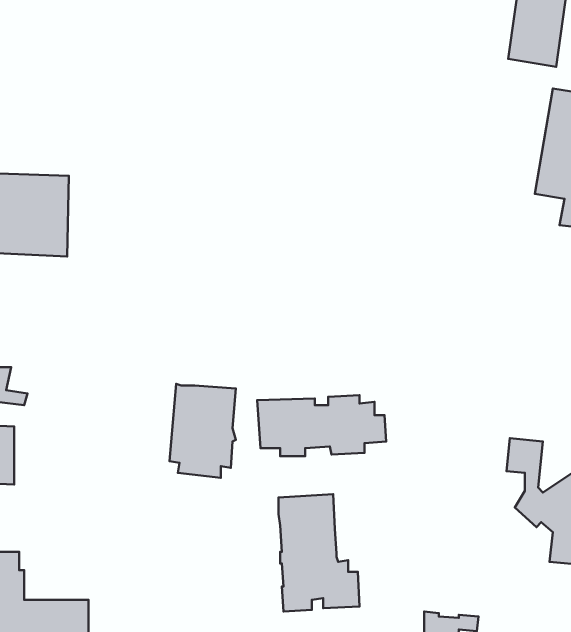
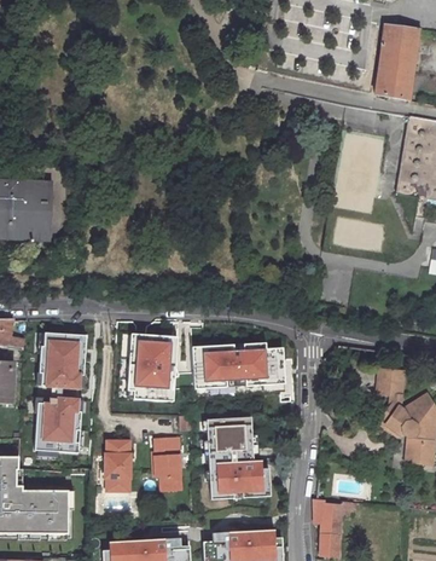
building: none -> [37,331,87,451]
building: none -> [155,435,182,491]
building: none -> [104,441,129,492]

